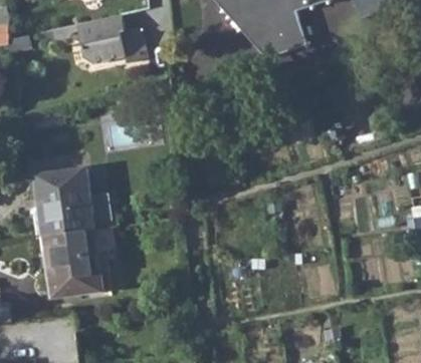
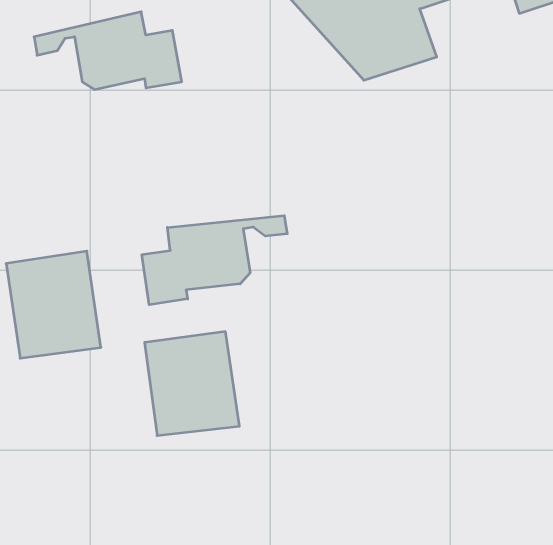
building: none -> [142,216,287,305]
building: [43,230,104,297] -> [145,332,239,436]

